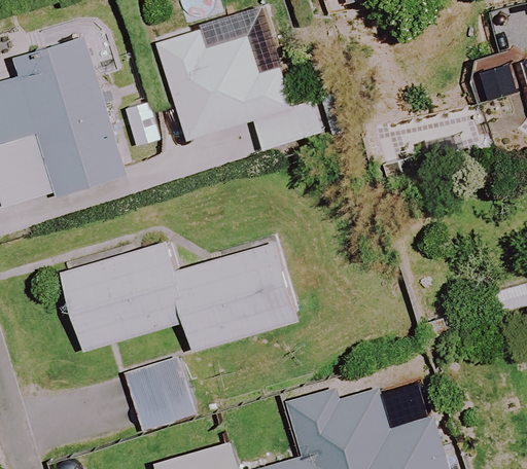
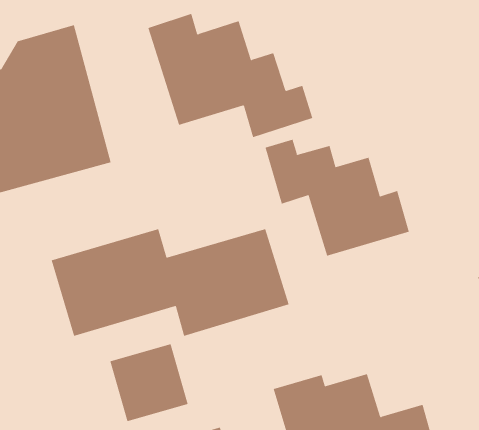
building: none -> [265,139,409,257]

